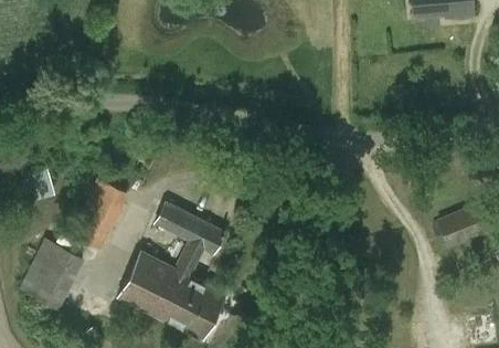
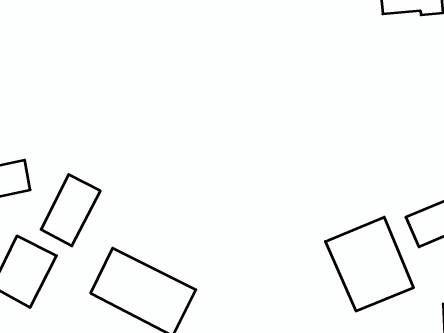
building: [155,202,226,276] -> none
building: none -> [325,217,413,311]

